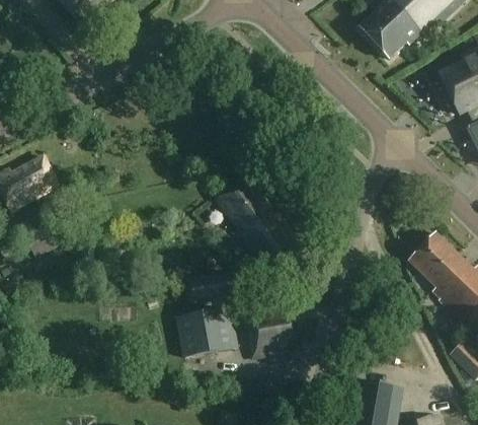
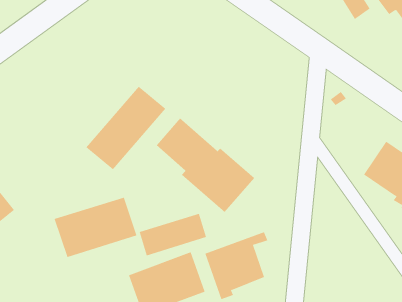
building: none -> [85,86,166,170]
building: none -> [54,197,137,258]

